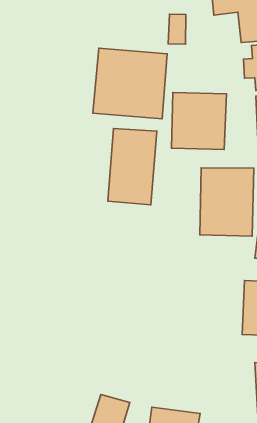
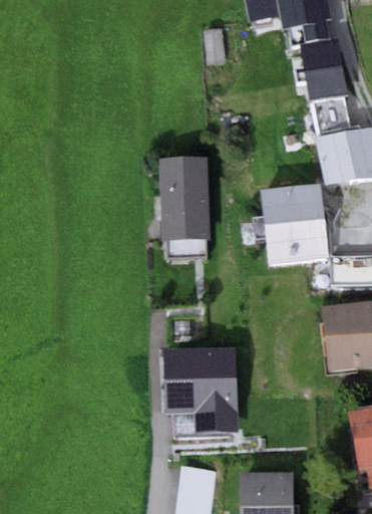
building: [93,48,167,119] -> none
building: [171,93,226,149] -> none
building: none -> [165,353,235,433]

